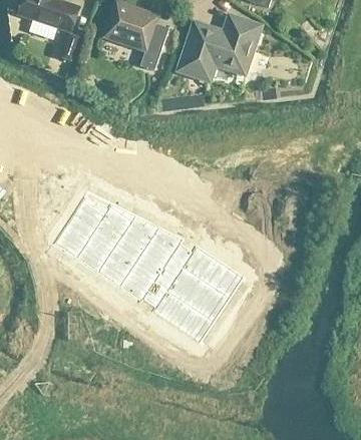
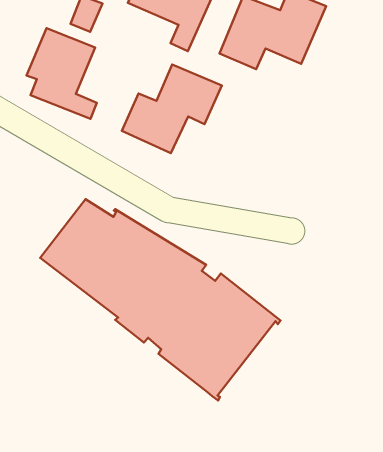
building: none -> [26,28,97,119]
building: none -> [122,64,222,153]

